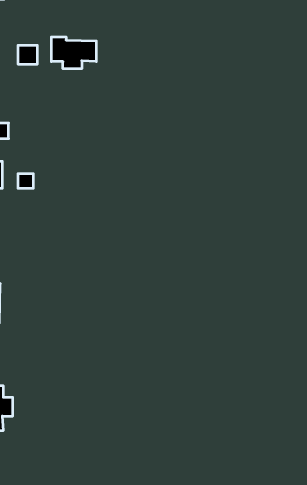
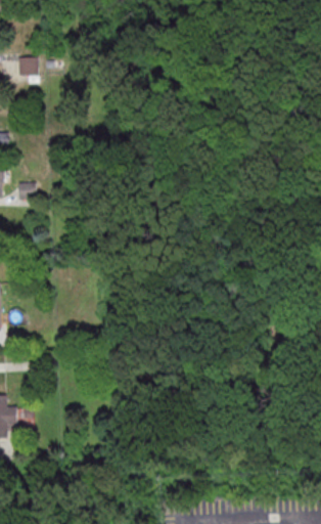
building: [51,37,96,69] -> none

